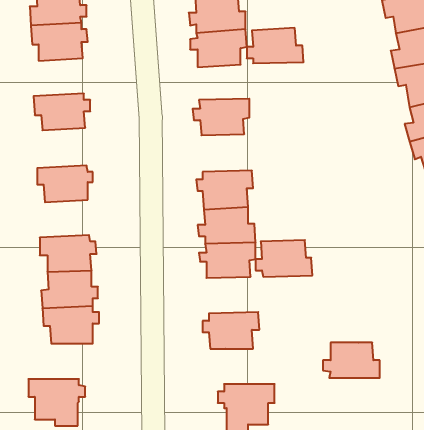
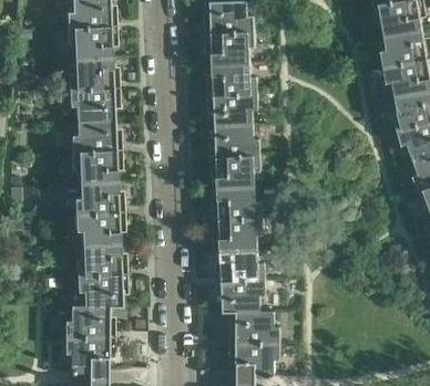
building: [247,28,304,63] -> [206,64,256,95]
building: none -> [66,59,116,92]
building: none -> [69,121,119,155]
building: none -> [208,125,258,158]
building: none -> [71,182,121,216]
building: [256,240,312,277] -> [214,250,264,282]
building: [323,343,380,378] -> [228,313,278,344]
building: none -> [62,309,112,340]

